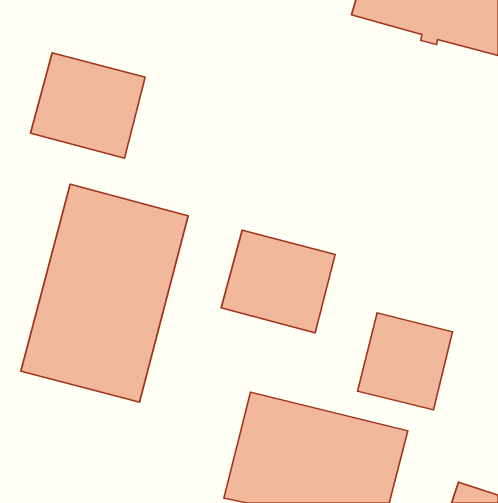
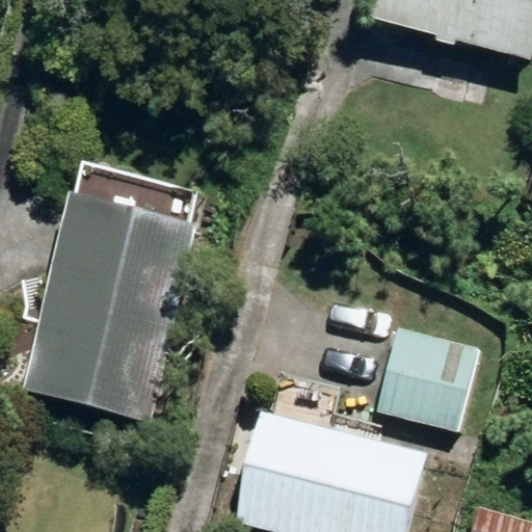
building: [30,53,145,158] -> none
building: [221,230,335,333] -> none

